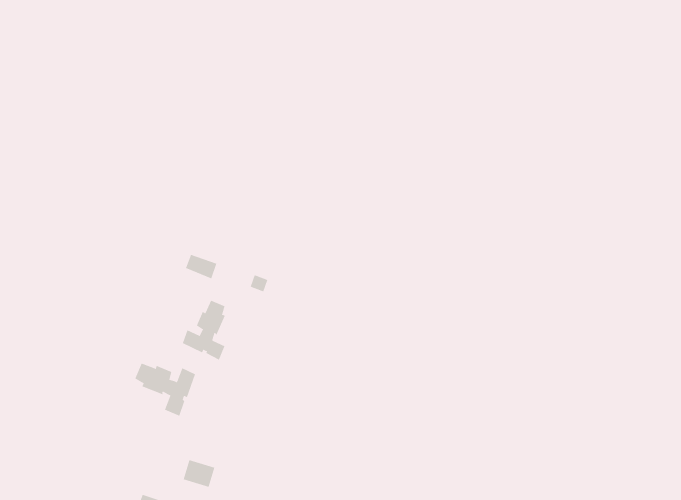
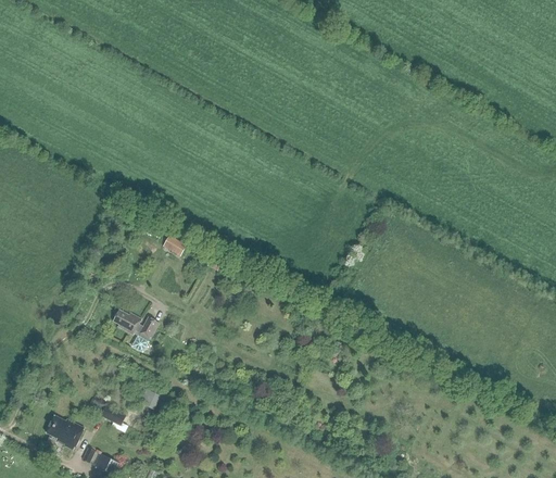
building: [182,300,225,360] -> none

